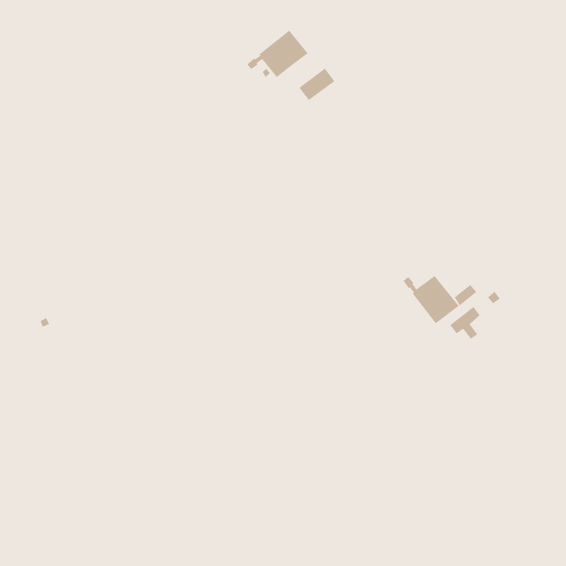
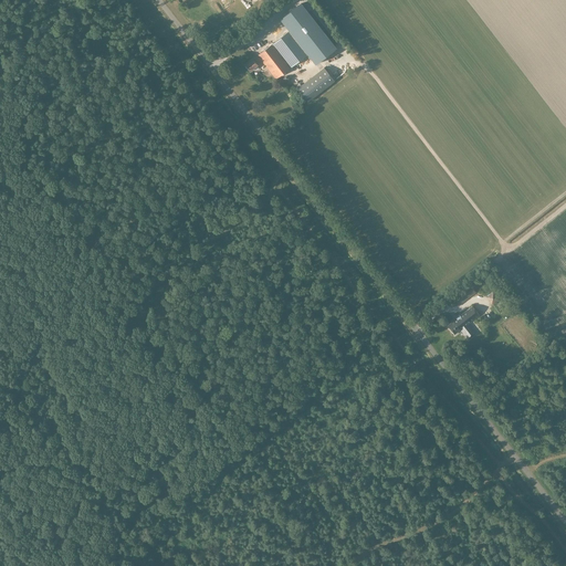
building: none -> [289,12,337,64]
building: [403,275,459,324] -> none

